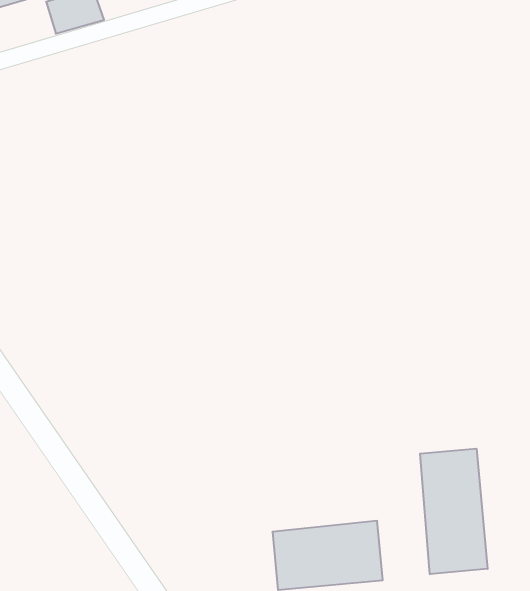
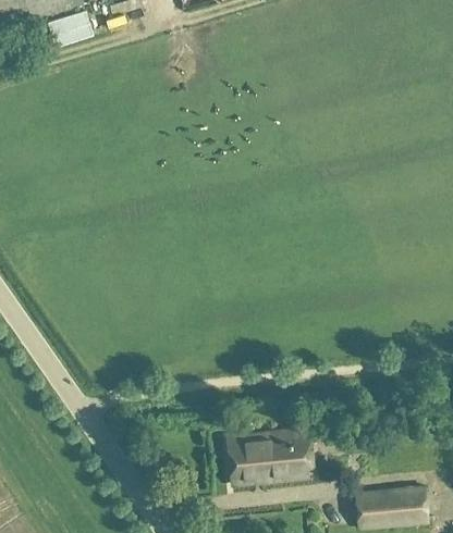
building: [420,449,488,574] -> none

